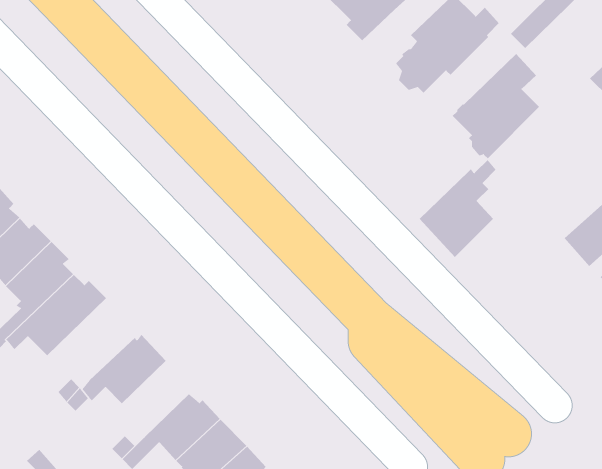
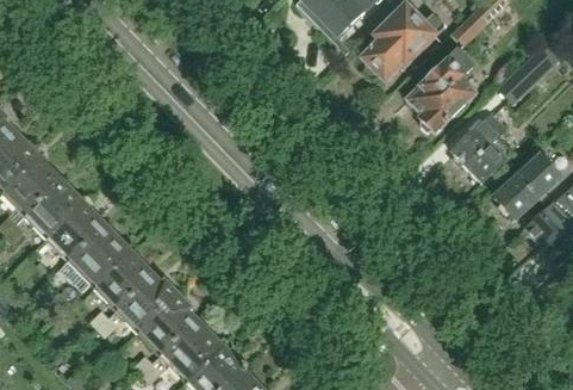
building: [419,159,497,258] -> [451,104,513,182]
building: none -> [94,249,152,310]
building: none -> [142,295,197,355]

